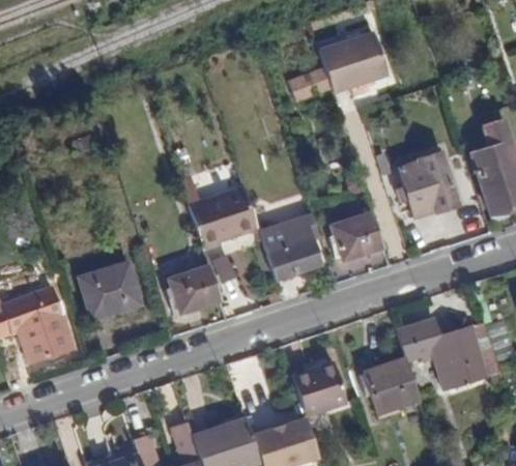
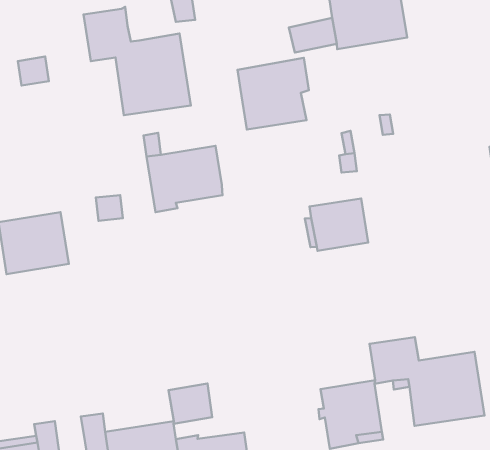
building: none -> [83,7,191,115]
building: [396,150,461,216] -> none
building: [260,213,323,280] -> [237,58,309,130]
building: [168,266,222,313] -> none
building: [293,361,348,416] -> none

